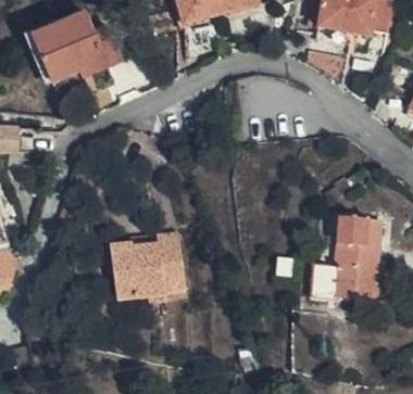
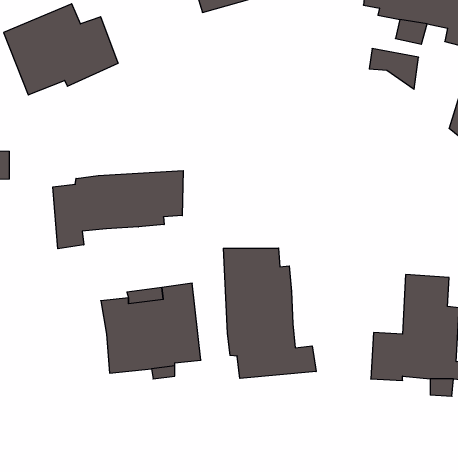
building: none -> [53,171,183,249]
building: none -> [223,248,316,378]

